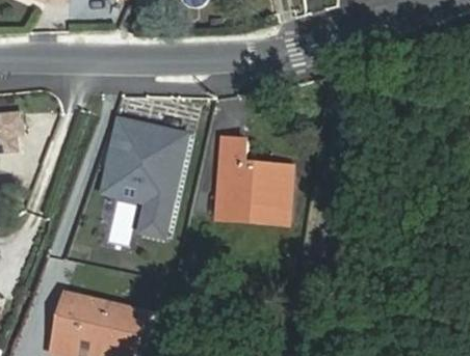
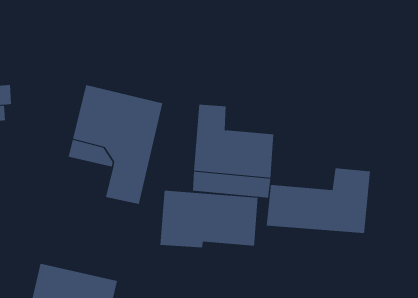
building: none -> [266,167,371,234]
building: none -> [160,190,258,249]

